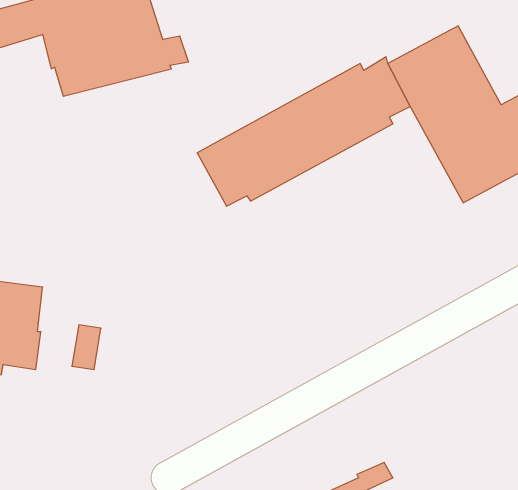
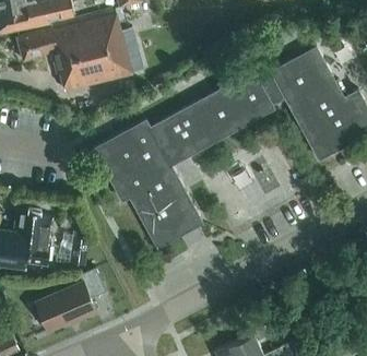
building: none -> [93,120,202,248]
building: none -> [36,269,106,331]

